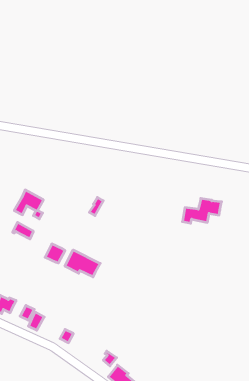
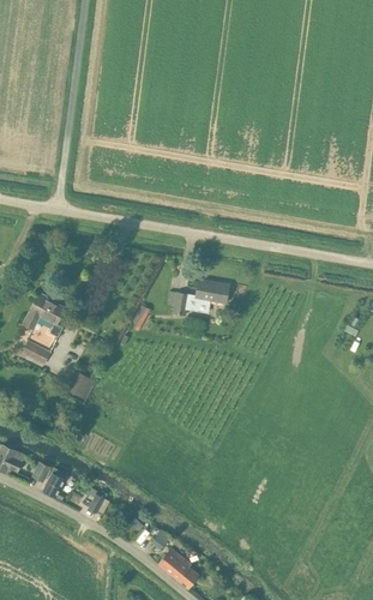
building: [182,198,222,223] -> [172,280,228,316]
building: [65,250,100,277] -> none

